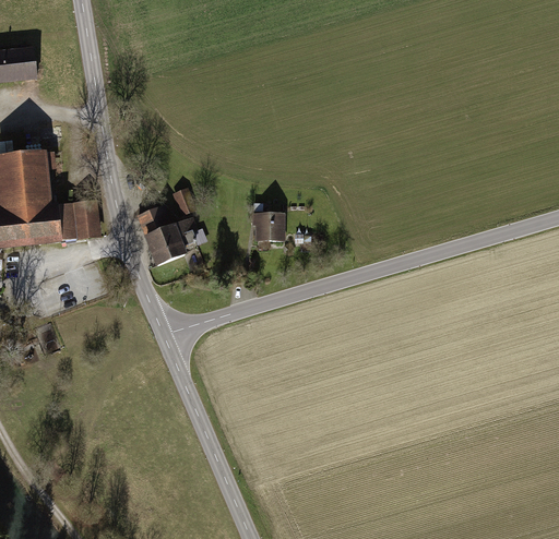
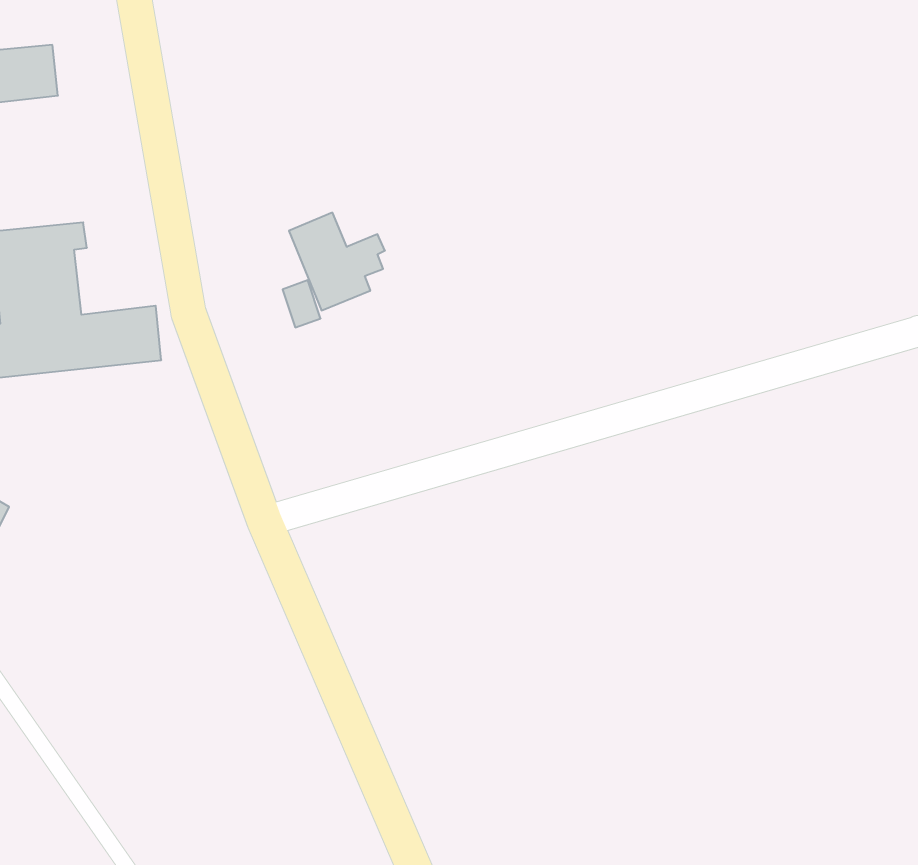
building: [135,204,193,263] -> [289,213,385,310]
building: [252,213,285,242] -> none

